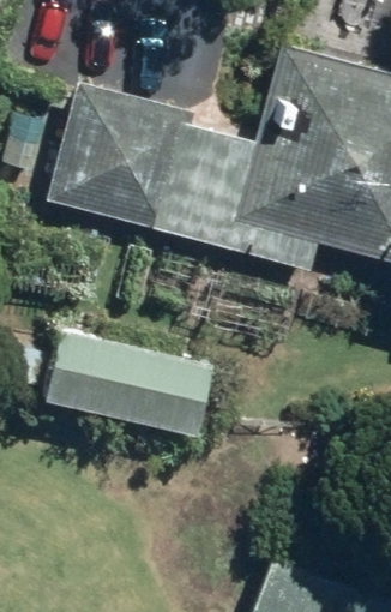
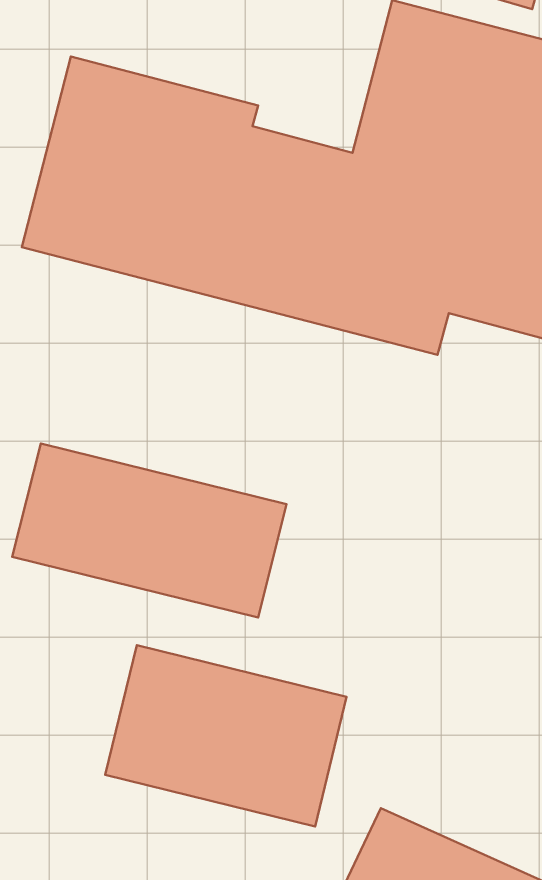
building: none -> [105,645,347,826]

